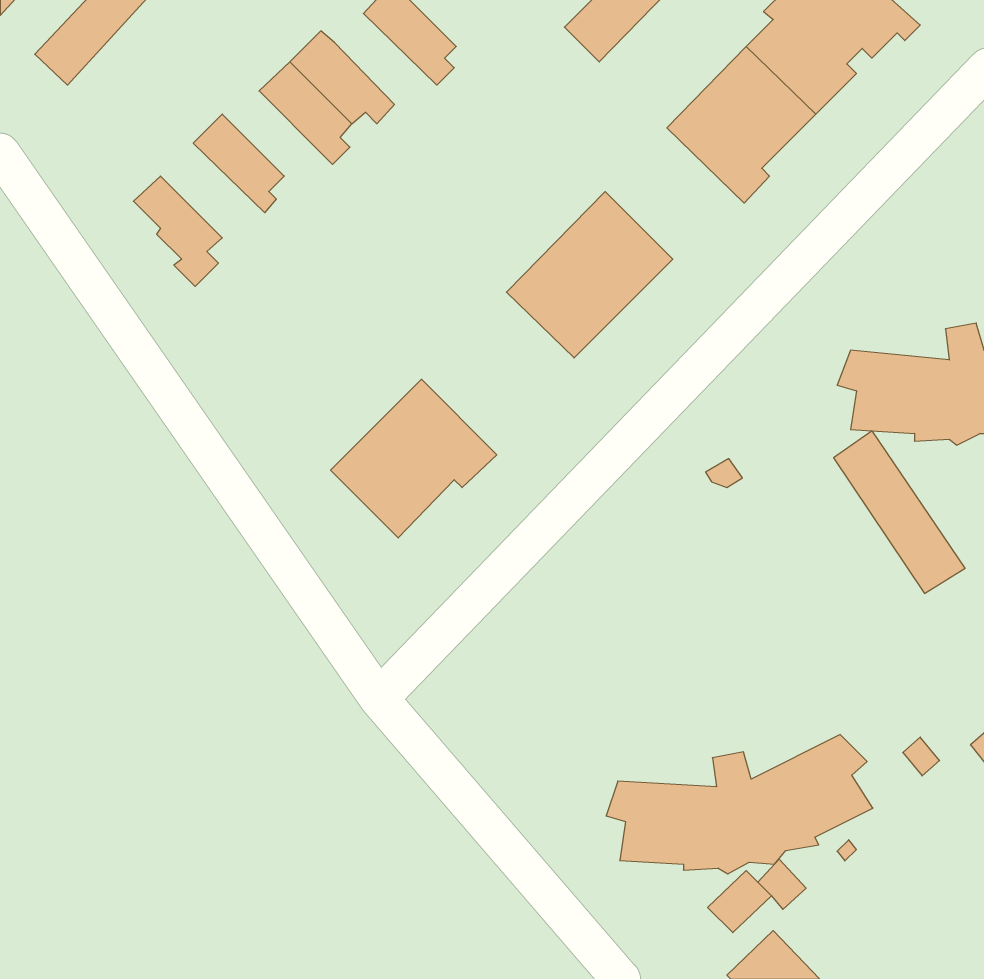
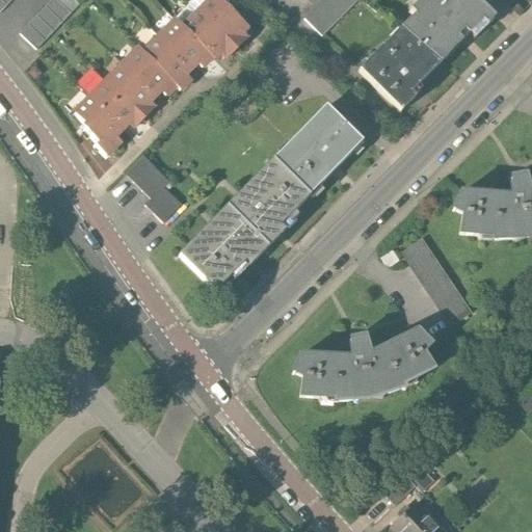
building: none -> [182,7,237,56]
building: none -> [122,45,177,95]
building: none -> [88,77,144,128]
building: none -> [127,152,182,219]
building: none -> [229,157,311,244]
building: [834,431,965,593] -> [403,235,474,322]
building: [606,735,873,874] -> [293,326,436,401]

